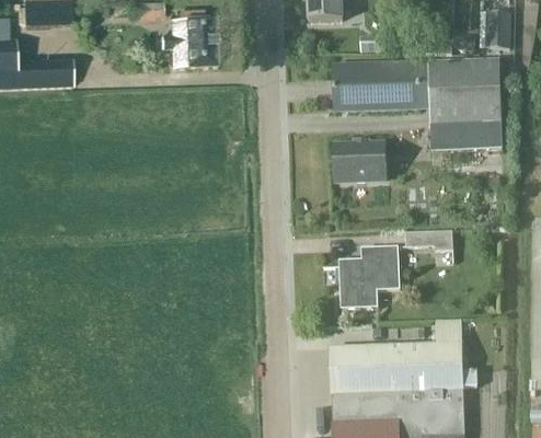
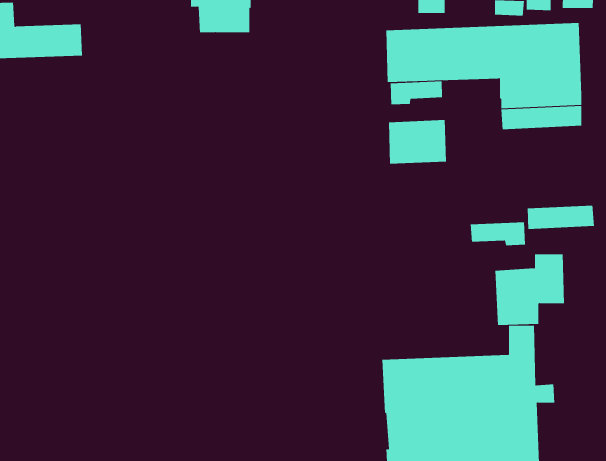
building: none -> [390,81,442,105]
building: none -> [527,205,594,230]
building: [338,245,399,307] -> [495,254,565,325]

